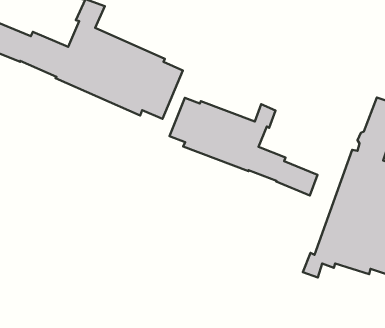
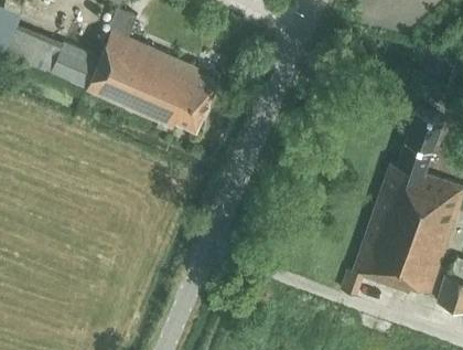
building: [170,98,317,196] -> none

